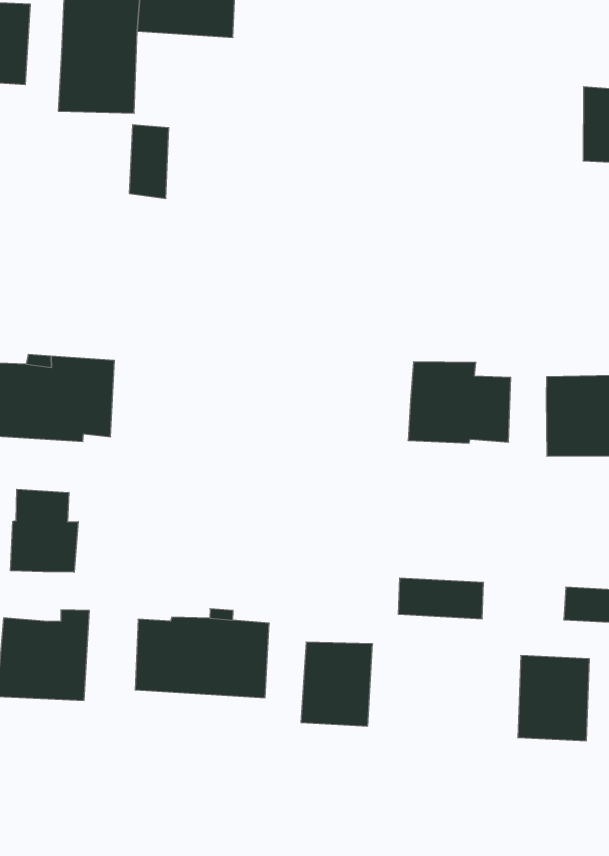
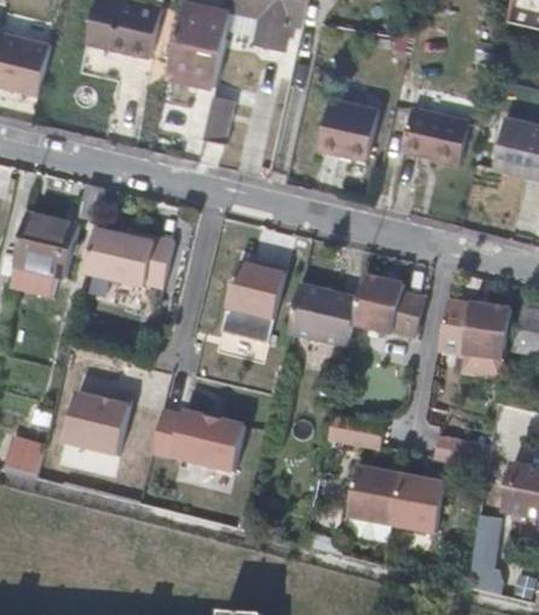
building: none -> [403,109,468,167]
building: none -> [319,102,379,163]
building: none -> [223,261,288,342]
building: none -> [287,285,358,348]
building: [11,489,78,572] -> none
building: [301,642,373,726] -> [345,465,399,525]

